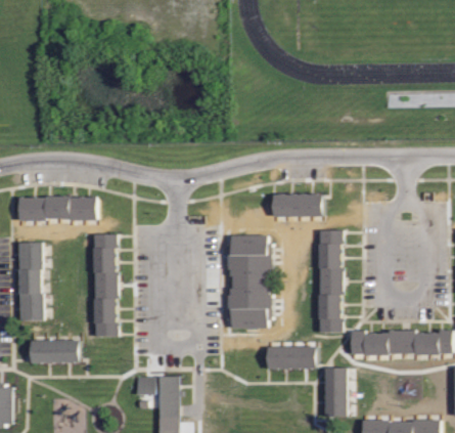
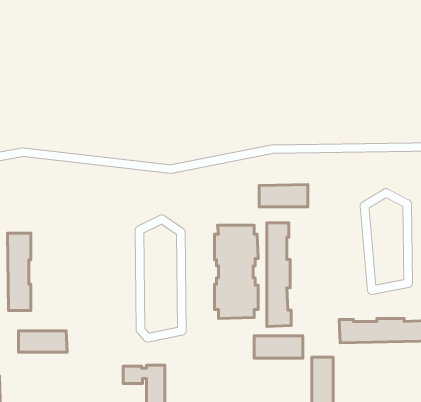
building: [17,198,95,220] -> none
building: [320,228,345,333] -> [267,223,291,327]
building: [95,232,121,336] -> none

